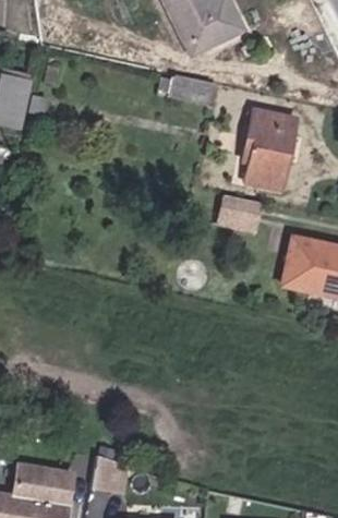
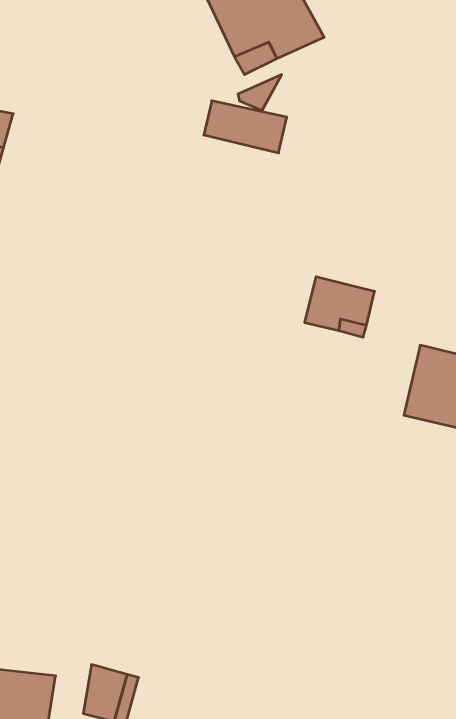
building: [244,117,302,196] -> none

